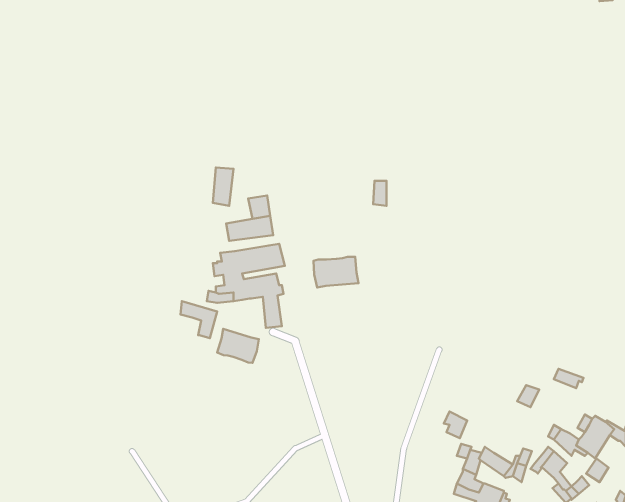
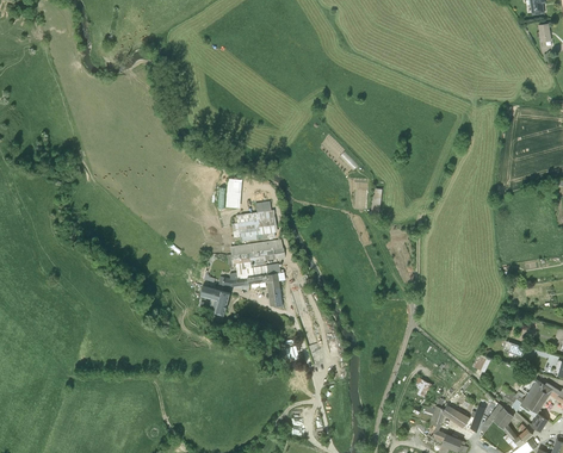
building: [314,257,359,287] -> none
building: [217,329,259,363] -> none

